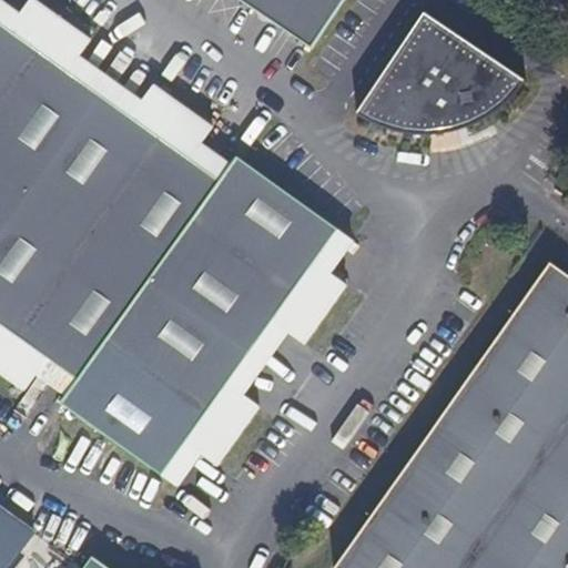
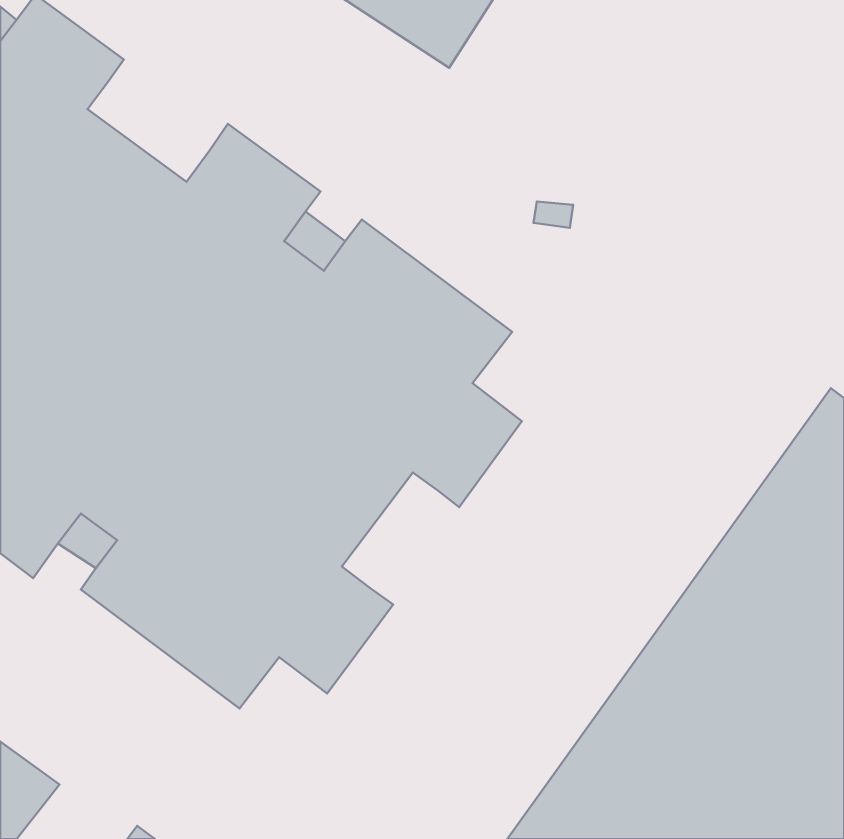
building: [347,8,519,136] -> none
building: [59,55,141,122] -> none
building: [230,317,294,395] -> none

